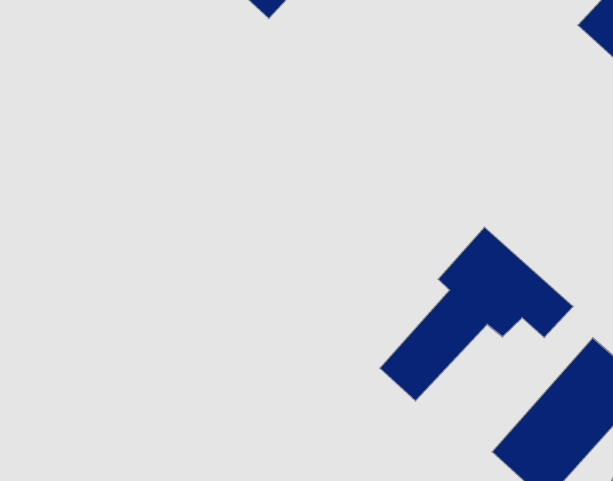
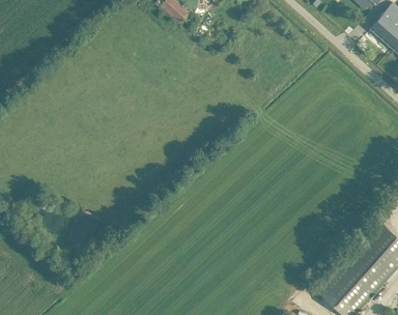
building: [380,227,573,401] -> none

